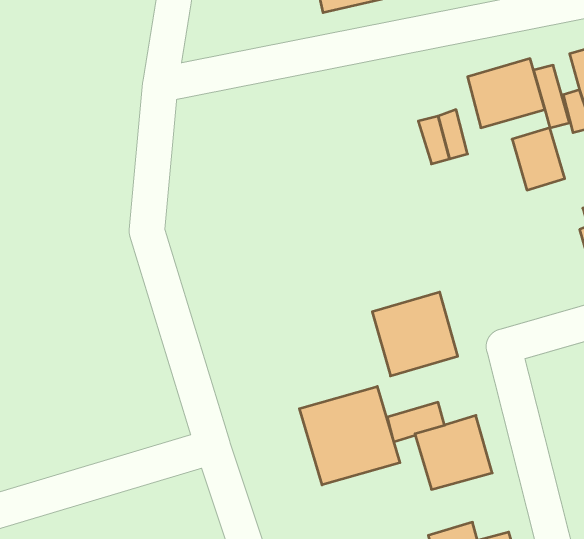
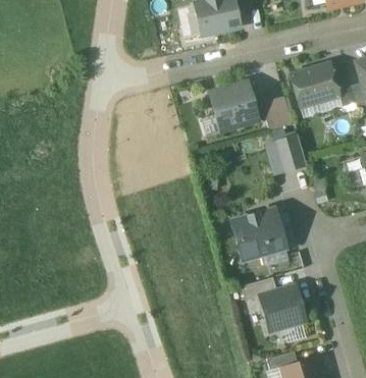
building: none -> [208,82,259,131]
building: [512,128,565,190] -> [273,134,306,173]
building: [299,386,400,485] -> none

